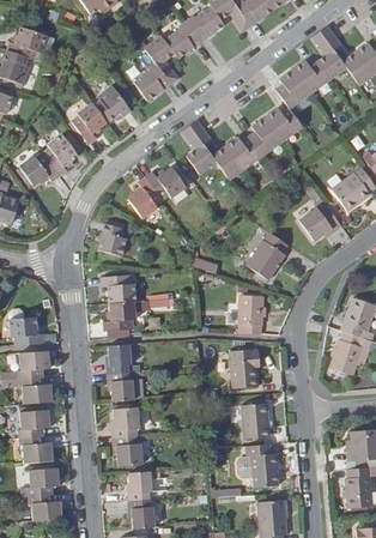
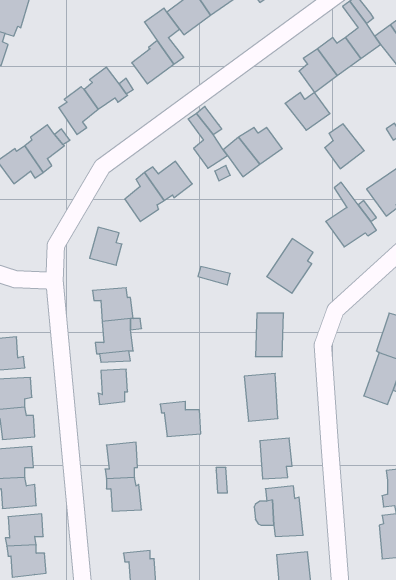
building: [249,117,283,156] -> [325,124,364,169]
building: [107,371,141,401] -> [160,401,201,437]
building: [127,470,163,501] -> none

